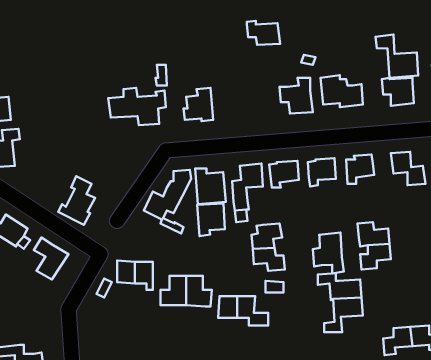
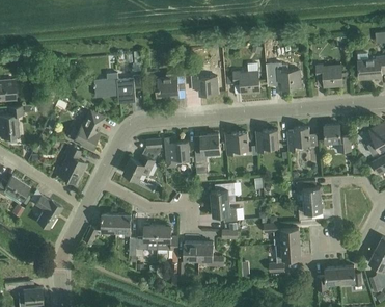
building: [247,21,280,45] -> [192,75,219,95]
building: [375,34,418,78] -> none
building: none -> [74,110,105,150]
building: [197,203,225,236] -> none
building: [313,233,344,274] -> none

